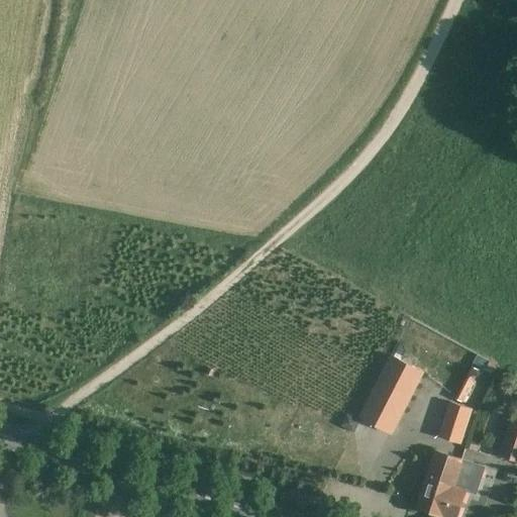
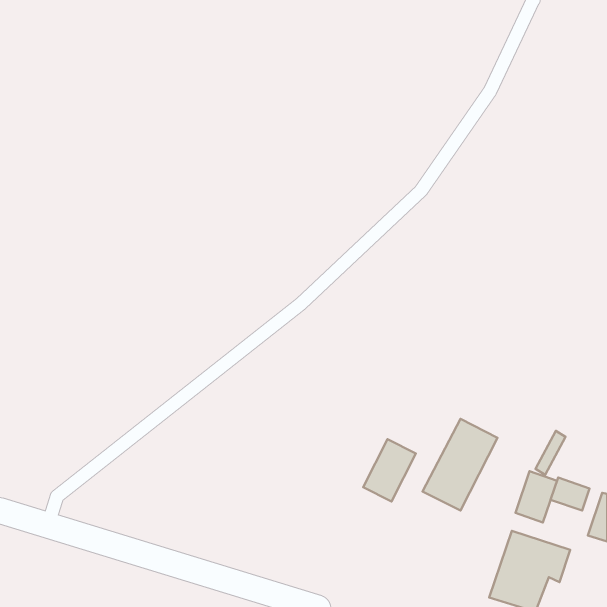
building: none -> [363,439,416,502]
building: none -> [551,478,590,511]

